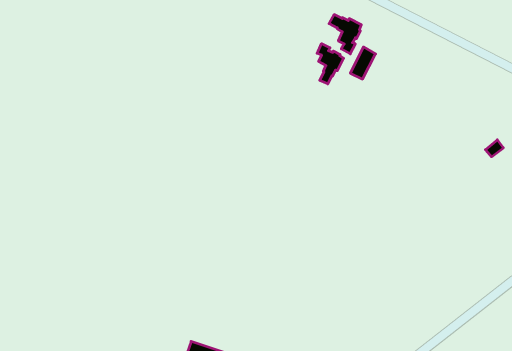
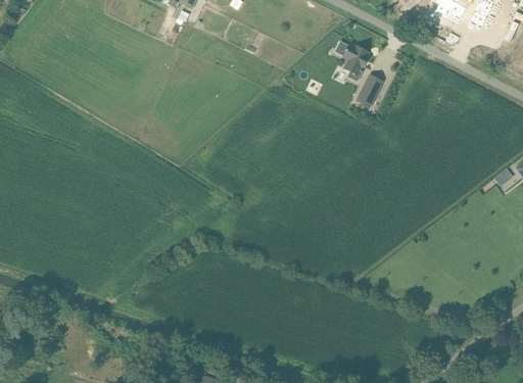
building: [317,44,344,84] -> none

